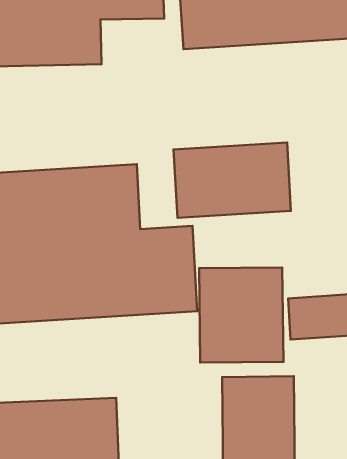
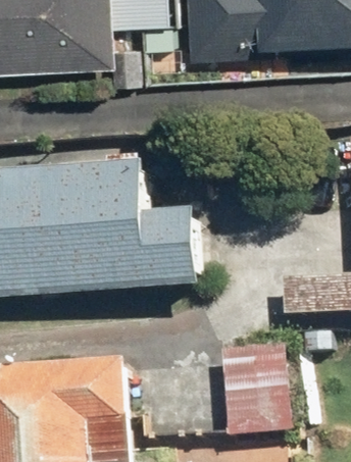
building: [173,142,291,218] -> none
building: [199,268,283,363] -> none

